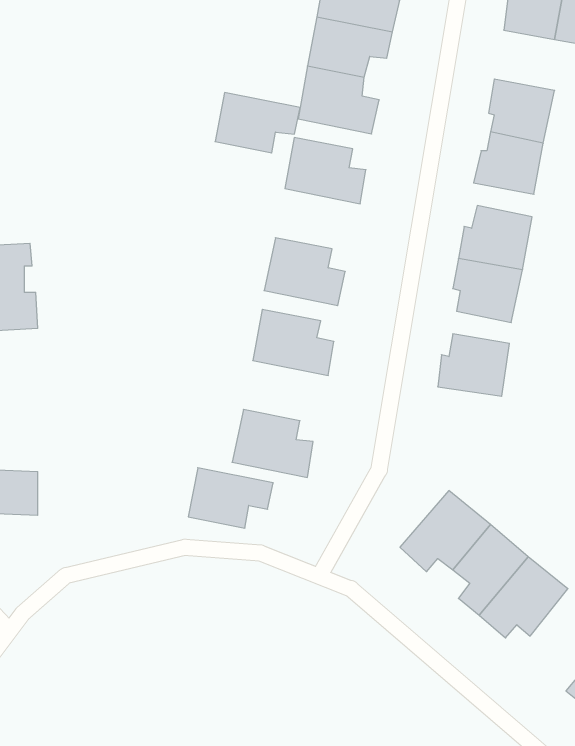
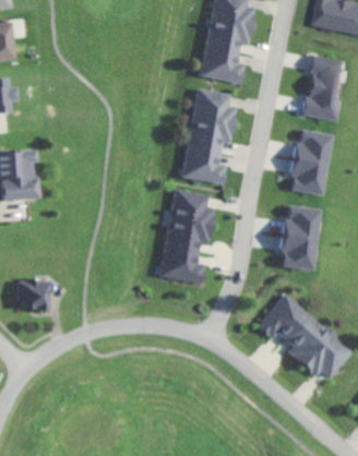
building: [215,93,300,153] -> [183,118,232,153]
building: none -> [275,232,314,268]
building: [188,468,273,528] -> [165,217,214,252]

